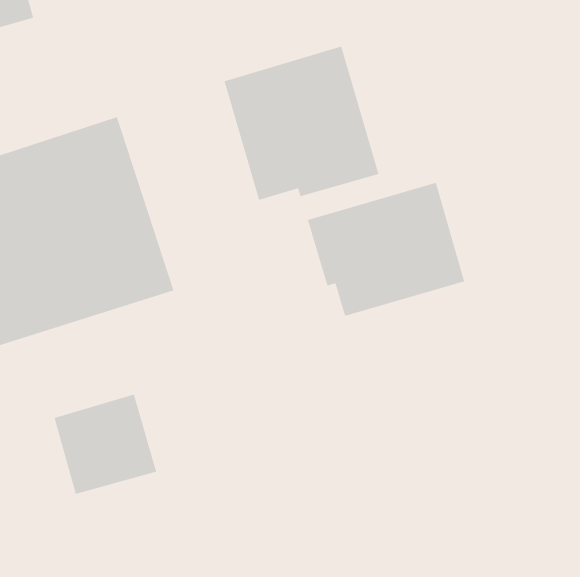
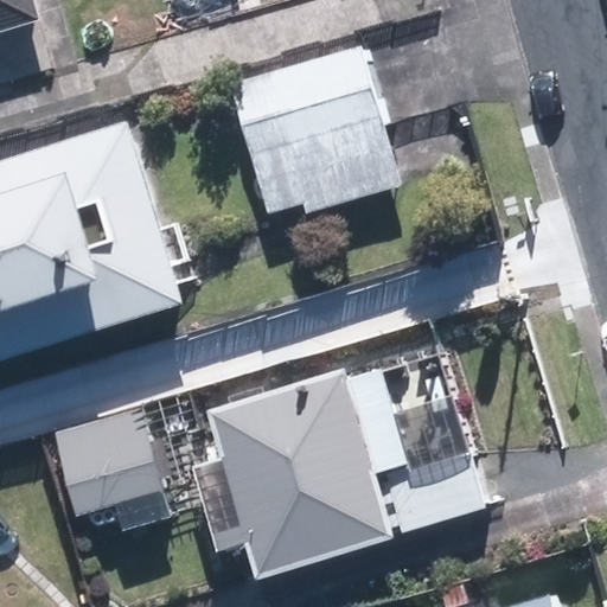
building: [307,182,465,317] -> none
building: none -> [210,370,407,580]

